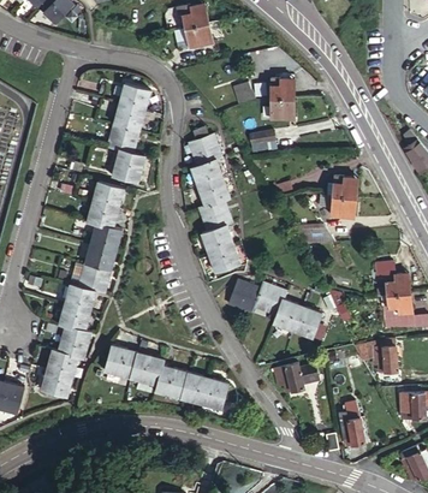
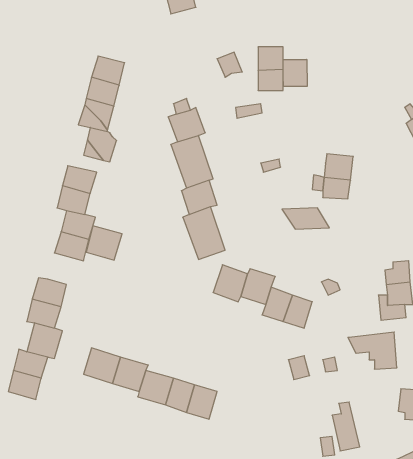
building: none -> [283,59,307,86]
building: [79,266,112,297] -> [86,226,122,260]
building: [272,360,304,392] -> none

